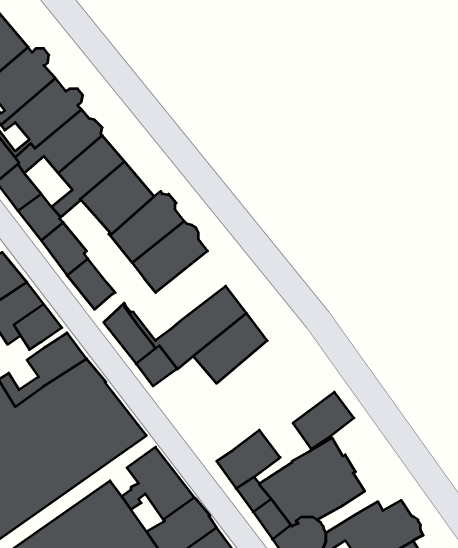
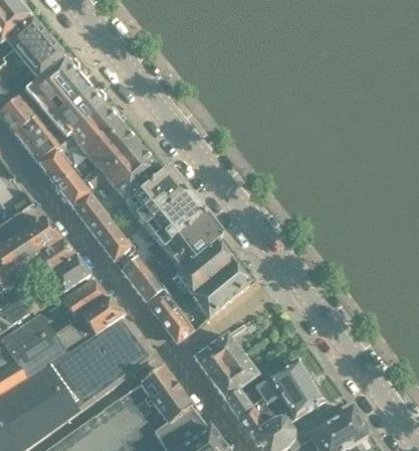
building: none -> [145,214,221,284]
building: none -> [160,306,195,340]
building: [293,392,354,449] -> [195,333,242,378]

